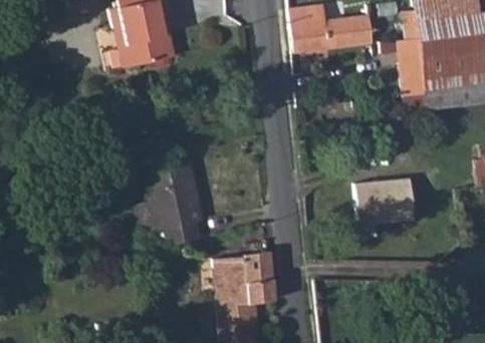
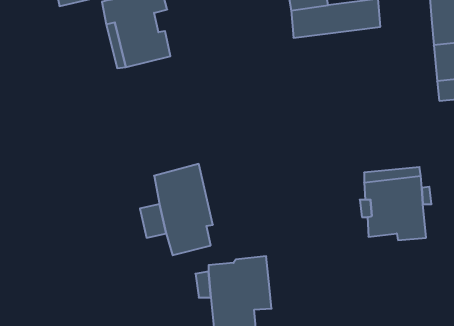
building: [397,31,423,90] -> none

